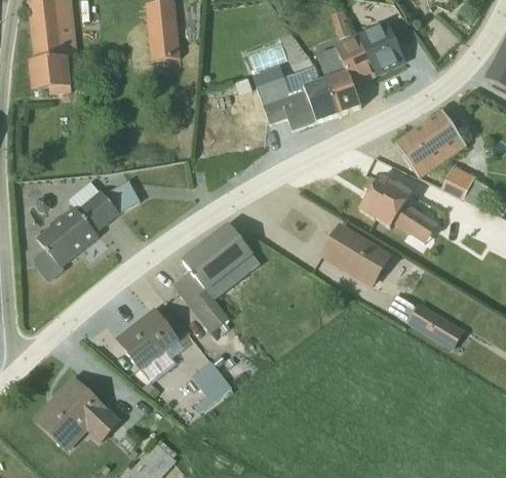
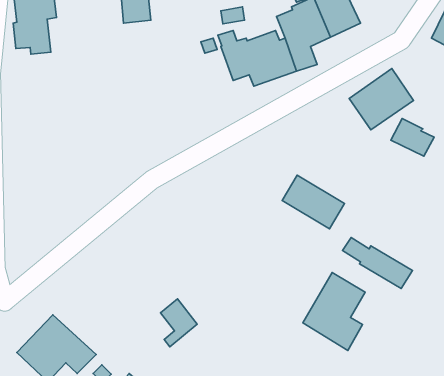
building: [359,174,439,243] -> none
building: [36,180,140,280] -> none
building: [173,224,252,332] -> none
building: [115,307,185,382] -> none
building: none -> [303,273,365,351]

